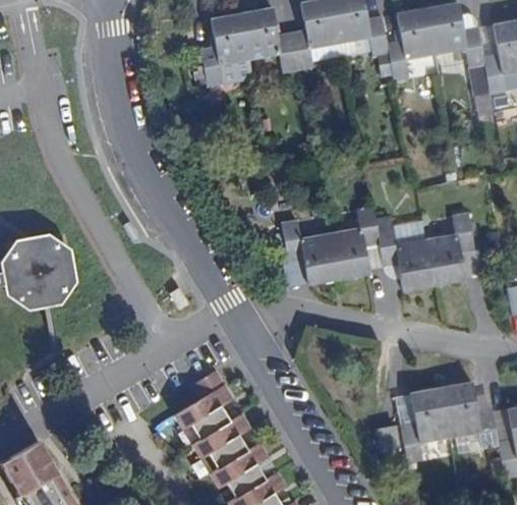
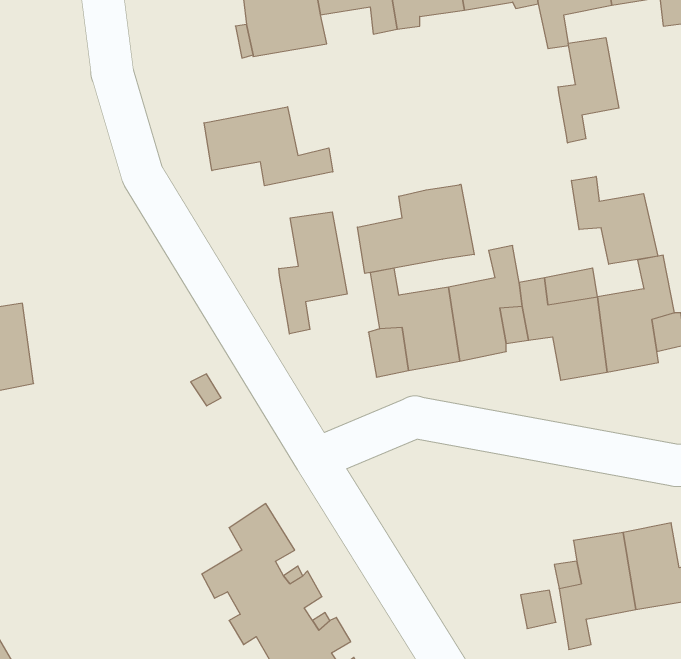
building: none -> [558,38,619,143]
building: none -> [204,107,333,186]
building: none -> [572,176,658,264]
building: none -> [357,184,474,273]
building: none -> [279,212,347,334]

